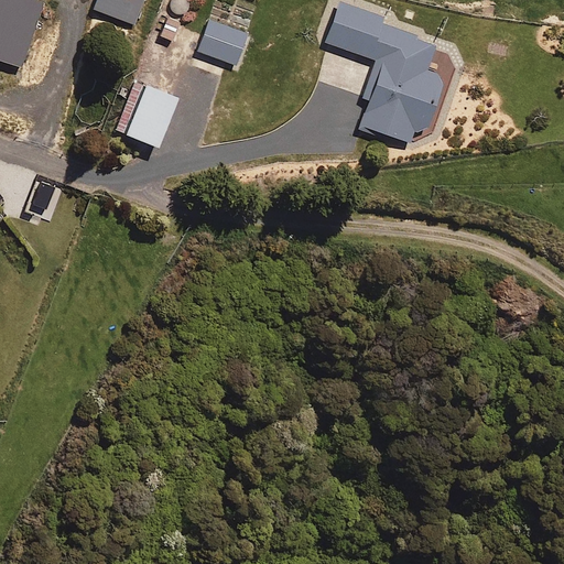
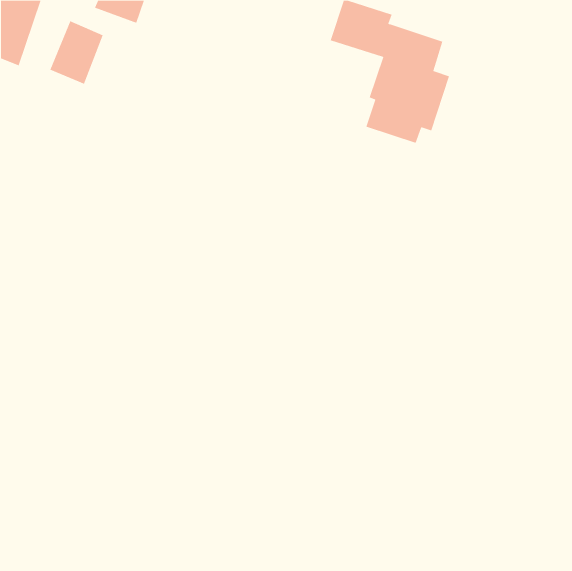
building: [198,20,247,65] -> none
building: [123,83,176,145] -> [50,21,103,84]

